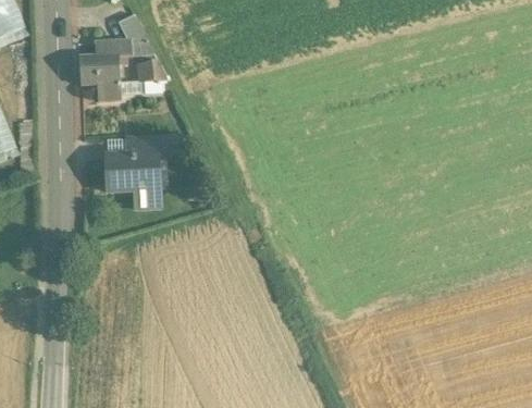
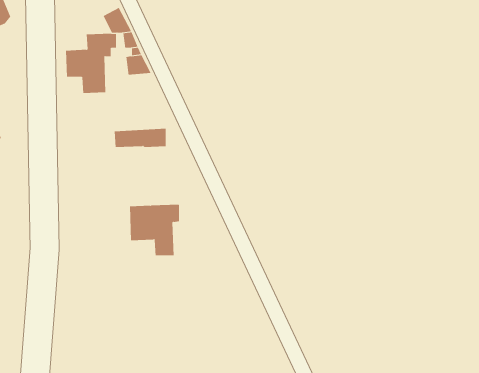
building: [106,154,157,207] -> [129,204,180,256]

